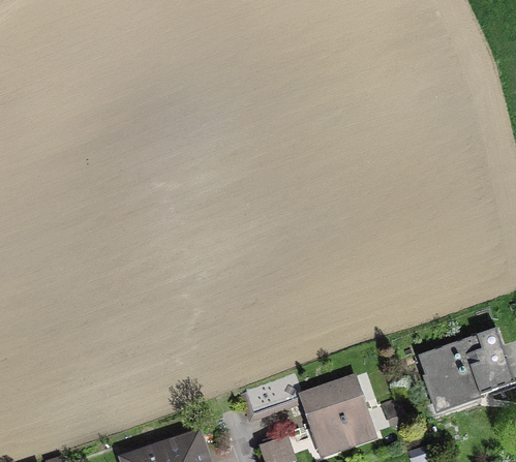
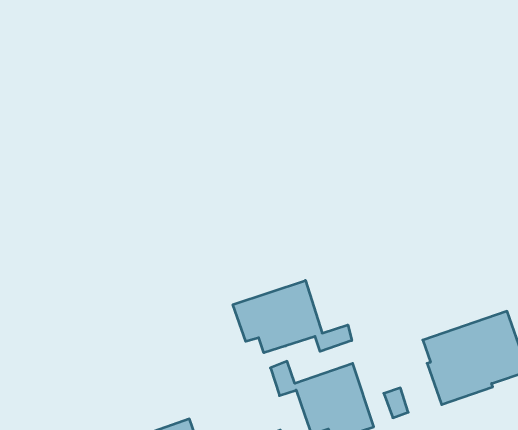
building: none -> [233,280,352,353]

